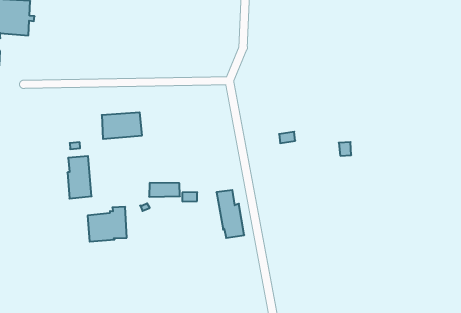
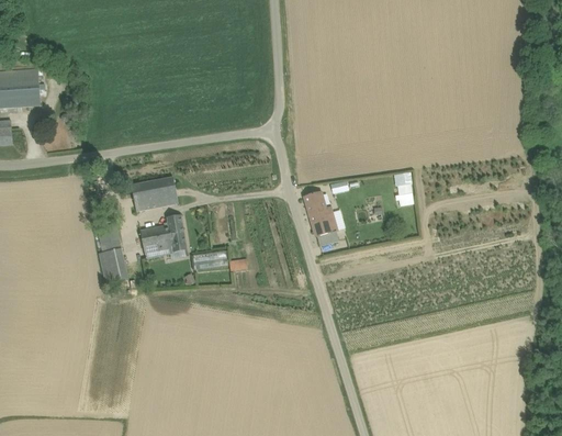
building: [216,190,244,238] -> [303,191,339,245]
building: [88,207,127,242] -> [139,215,186,258]

